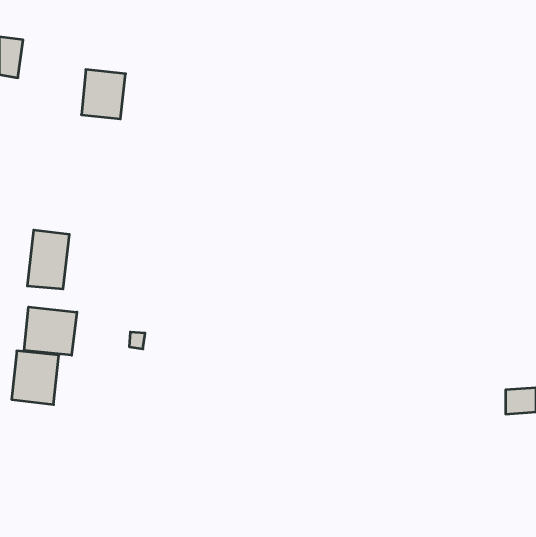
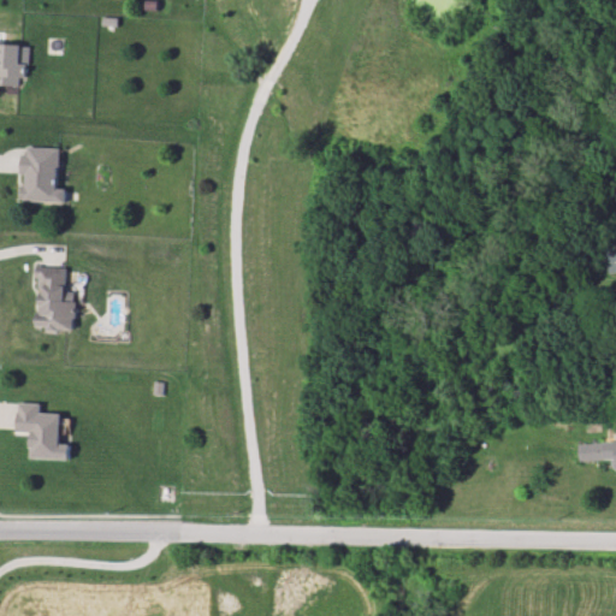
building: [81,70,126,119] -> [17,147,67,203]
building: [24,307,77,355] -> none

